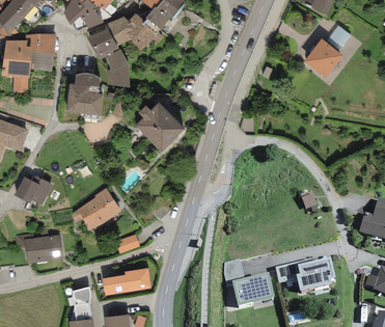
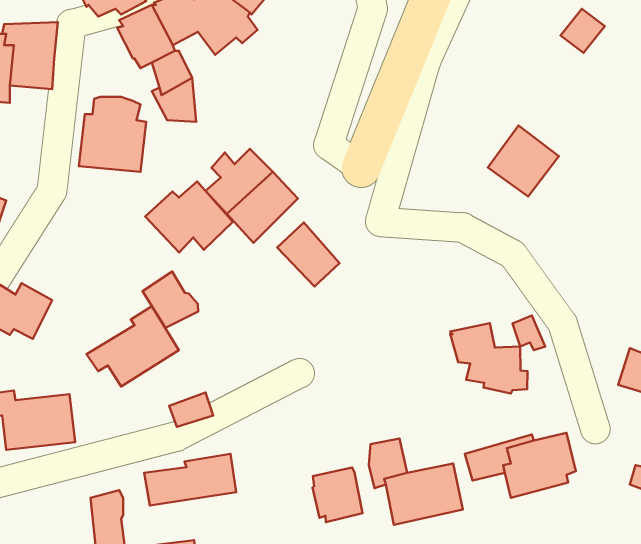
building: [304,38,342,77] -> [488,125,559,196]
building: none -> [145,181,233,253]
building: none -> [277,222,339,287]
building: none -> [142,271,198,328]
building: none -> [450,323,528,394]
building: none -> [313,467,362,522]

